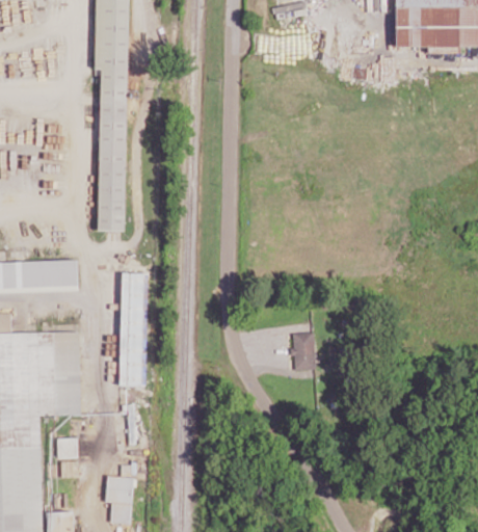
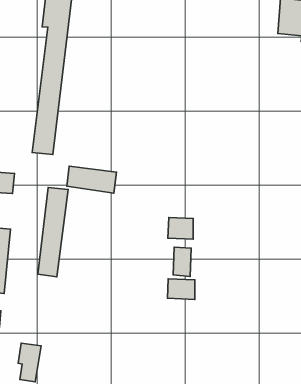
building: none -> [67,166,117,193]
building: none -> [168,217,193,239]
building: none -> [167,279,195,299]

